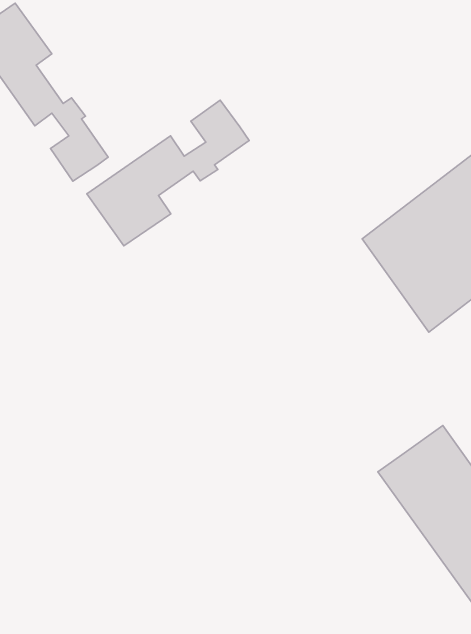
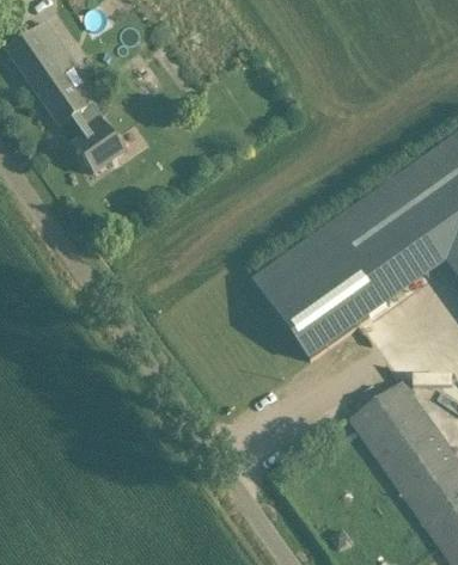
building: [87,100,249,246] -> none
building: none -> [255,220,393,357]

